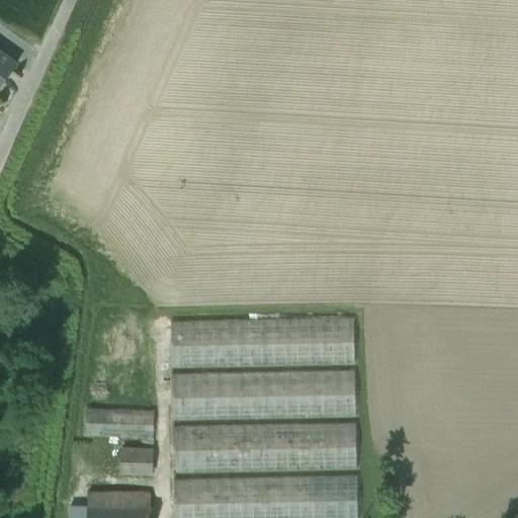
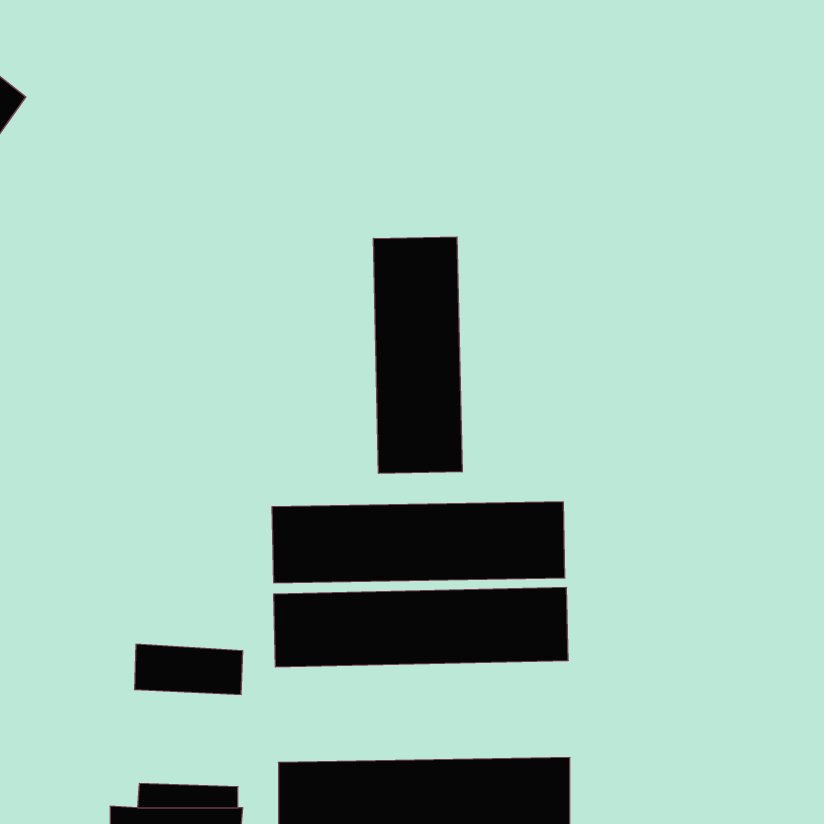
building: none -> [373,237,462,473]
building: [172,422,356,473] -> none
building: [121,445,154,472] -> none

